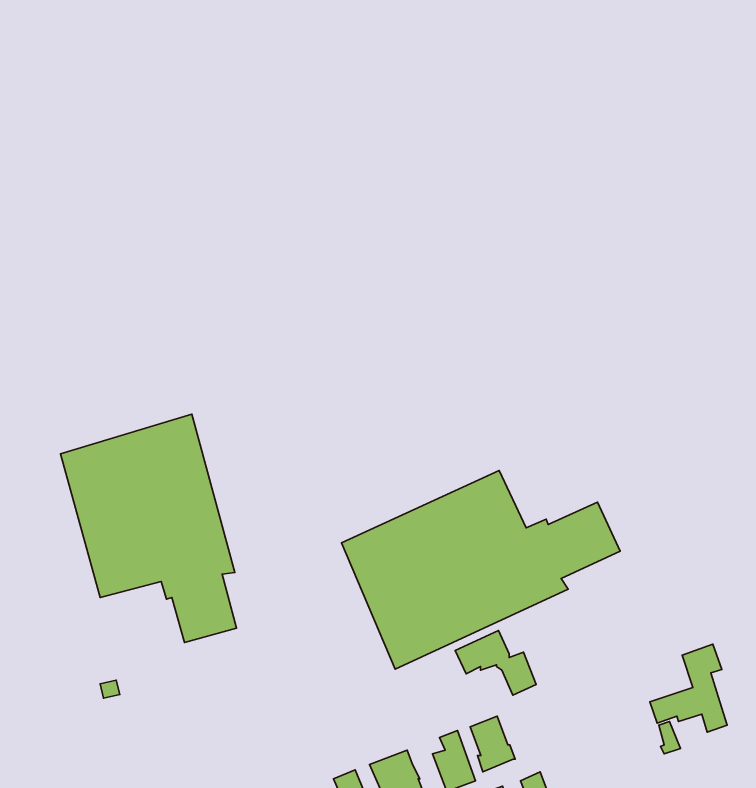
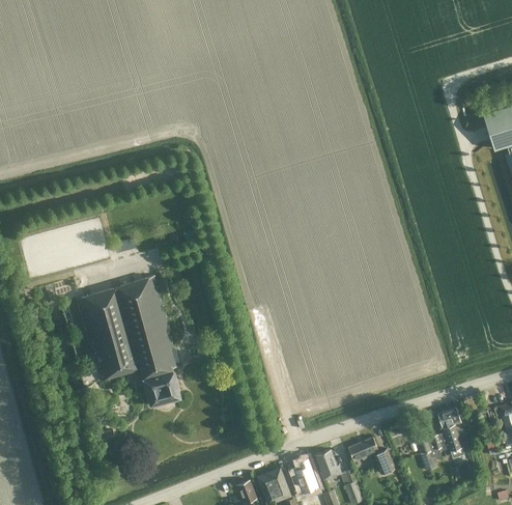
building: [342,471,620,669] -> none
building: [455,631,536,695] -> [348,437,395,474]

